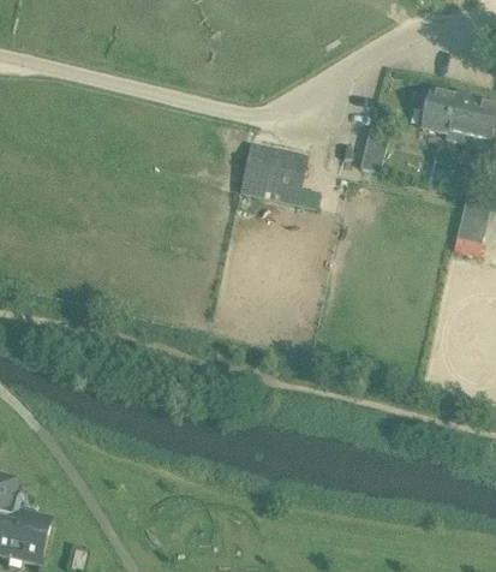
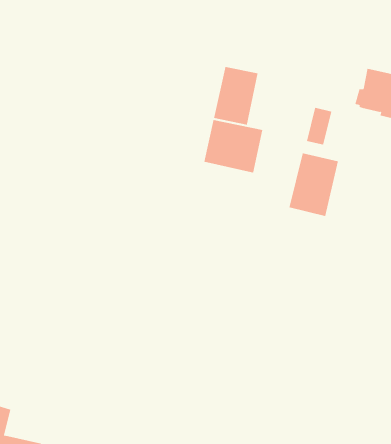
building: none -> [214,66,258,126]
building: none -> [289,152,339,217]

